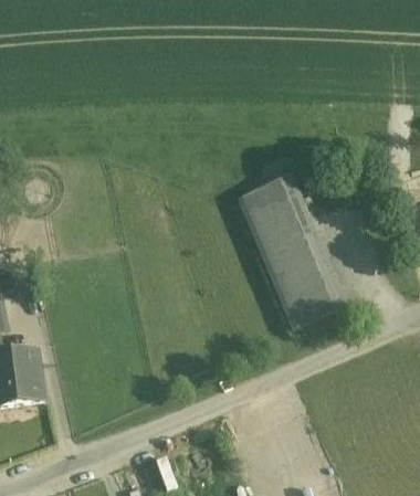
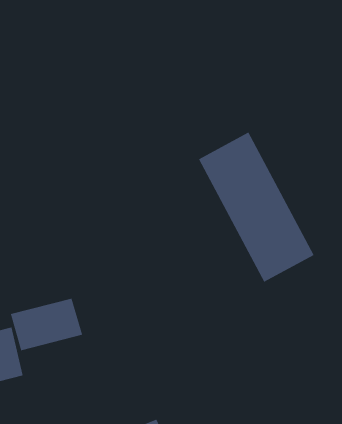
building: none -> [10,298,83,351]

